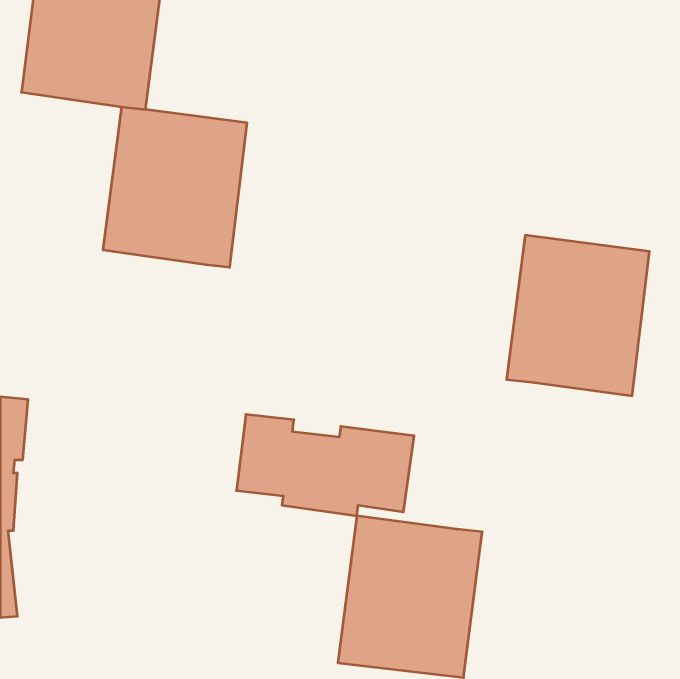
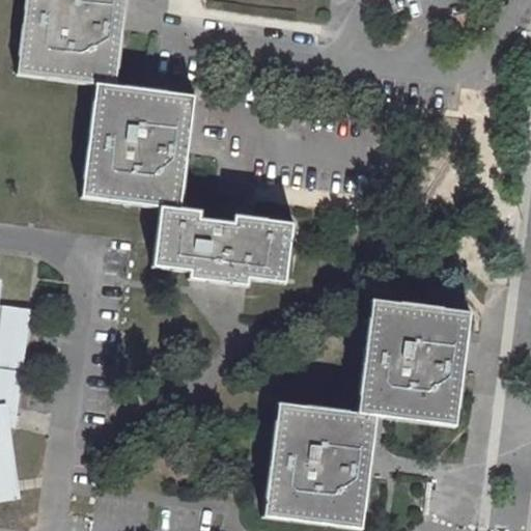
building: [507,235,649,396] -> [357,299,468,423]
building: [236,414,414,516] -> [155,205,292,284]

